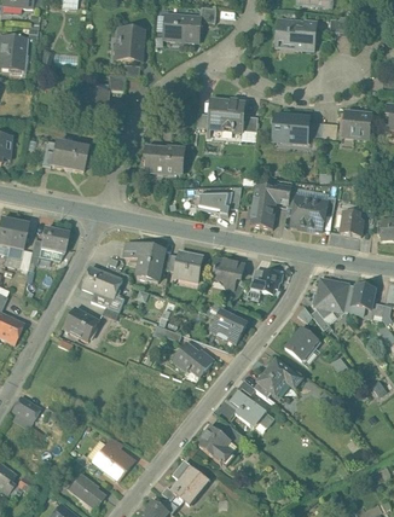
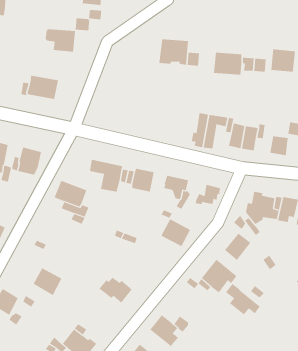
building: [145,143,185,169] -> none
building: [191,186,243,214] -> none
building: [64,306,99,339] -> [33,268,62,296]
building: [173,345,214,377] -> [98,277,133,304]
building: [231,389,274,428] -> [225,283,261,315]

